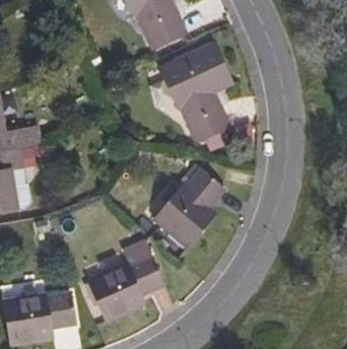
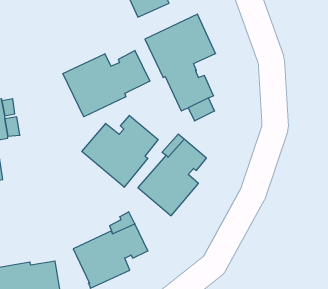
building: none -> [63,50,150,117]
building: none -> [82,115,158,187]

